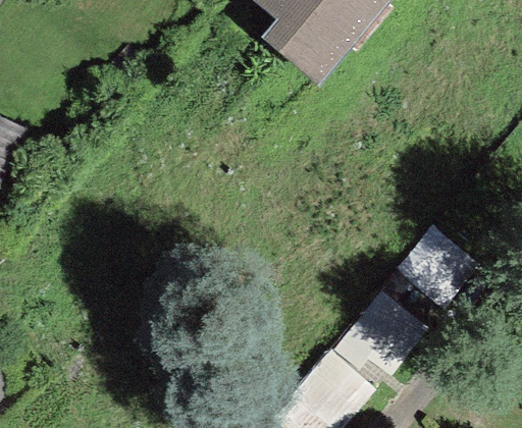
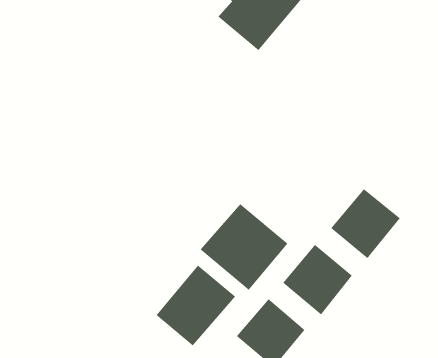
building: none -> [199,203,289,291]
building: none -> [155,264,236,346]

